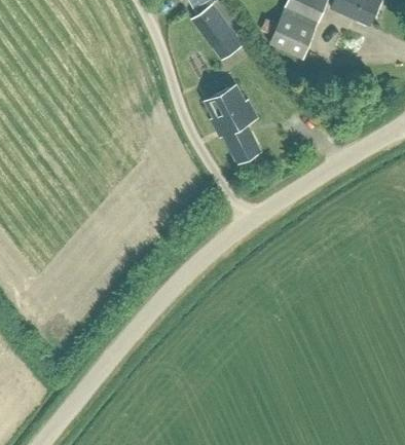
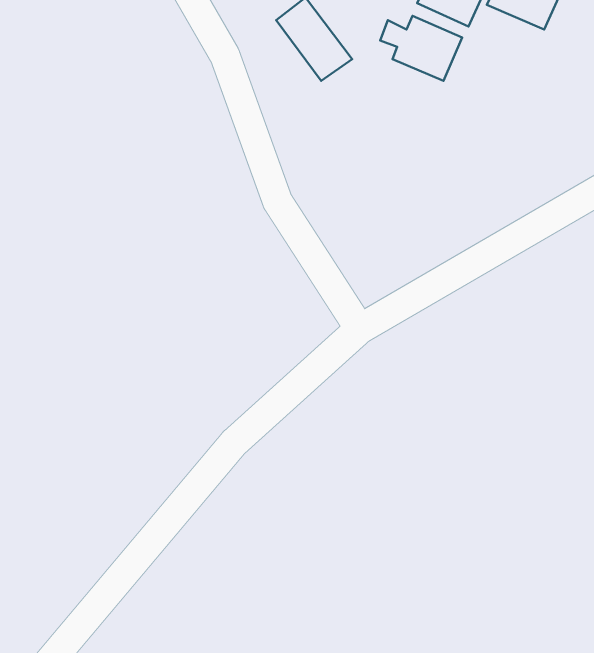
building: [206,85,259,163] -> none

